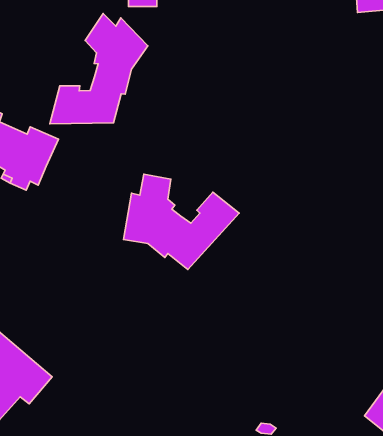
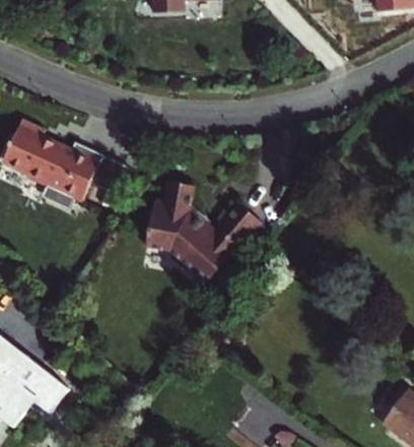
building: [50,14,148,124] -> none
building: none -> [66,145,104,184]

